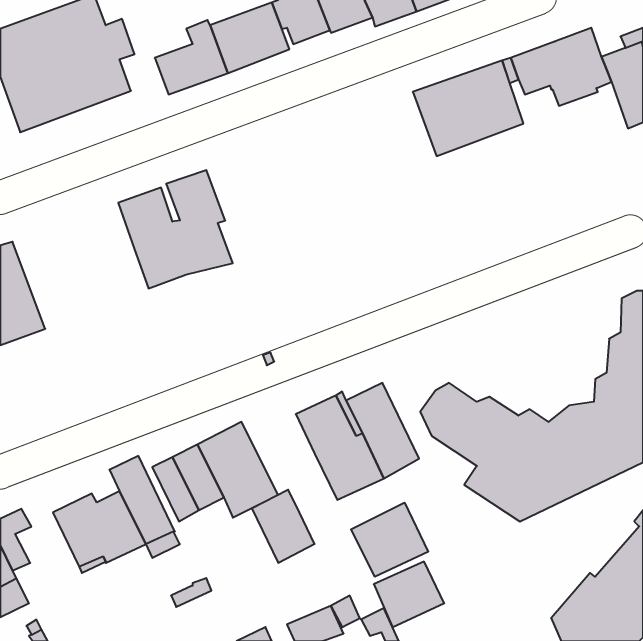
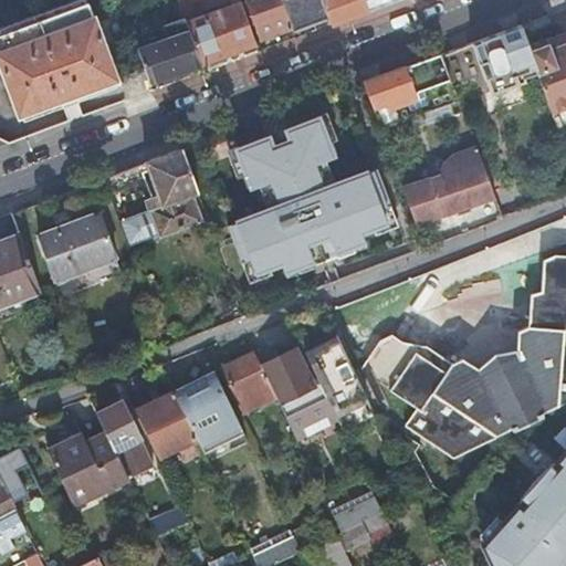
building: none -> [228,120,397,286]
building: none -> [402,148,493,223]
building: none -> [36,213,113,279]
building: [252,490,315,563] -> [221,350,276,415]
building: [351,503,428,577] -> none

